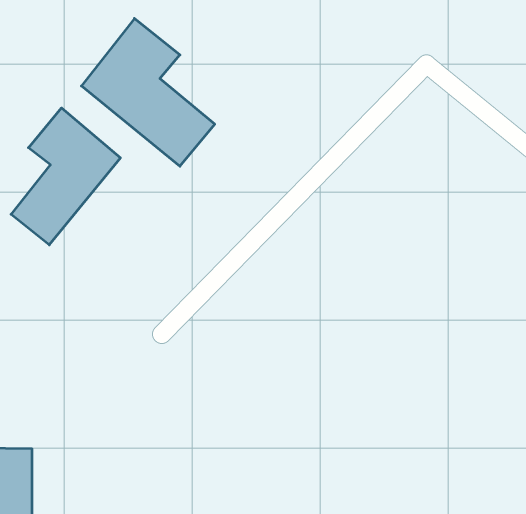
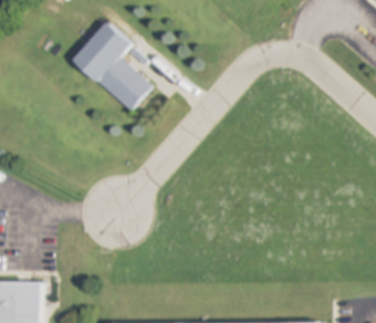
building: [11,108,120,245] -> none

